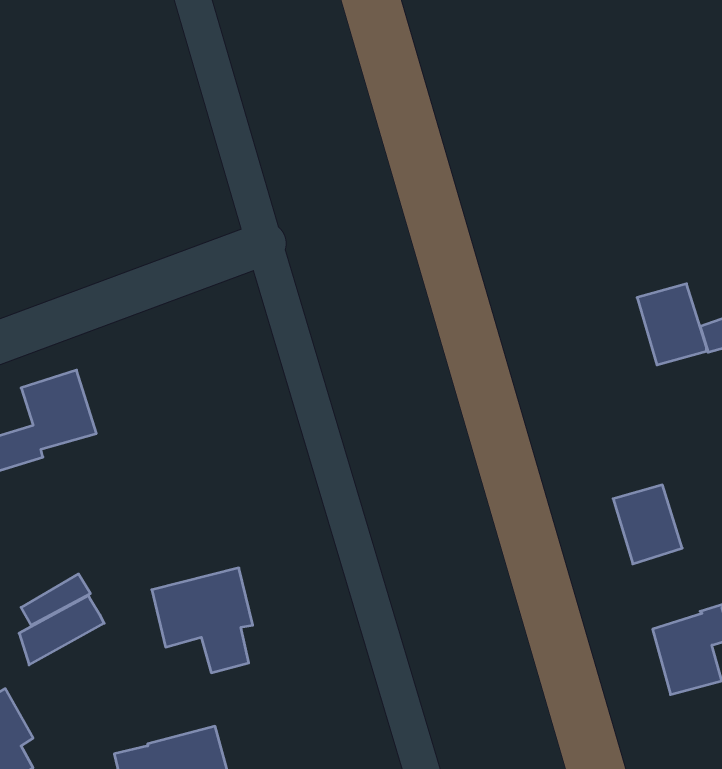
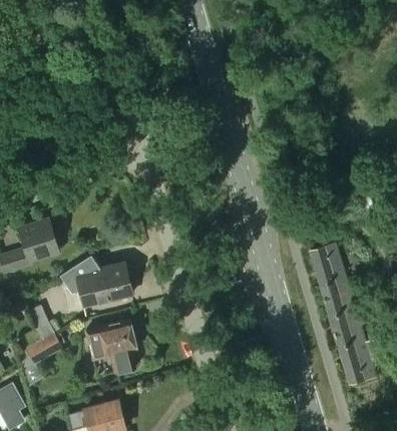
building: [637,284,706,365] -> [310,244,345,285]
building: none -> [59,255,132,306]
building: none -> [330,310,365,351]

